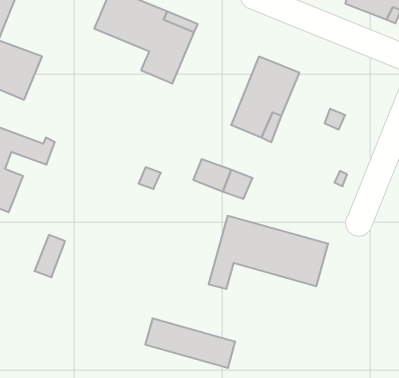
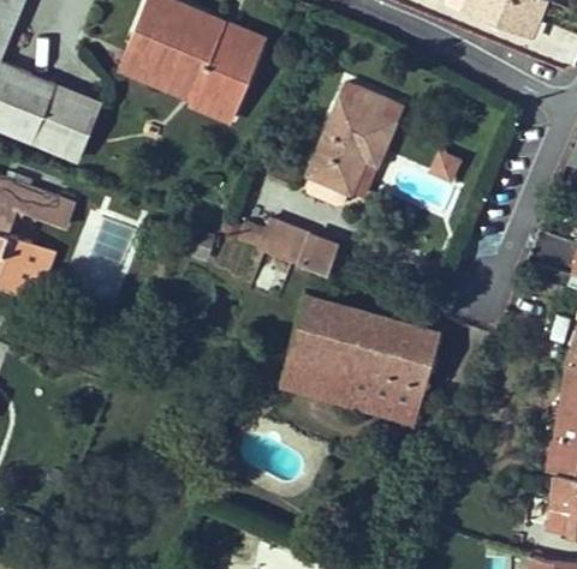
building: none -> [119,47,201,100]
building: none -> [34,84,102,161]
building: [34,235,65,277] -> [13,244,54,300]
building: [145,318,235,368] -> [304,359,424,425]

